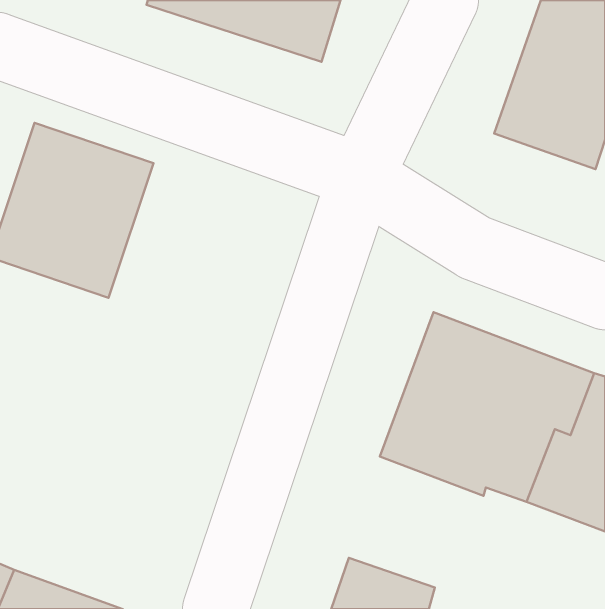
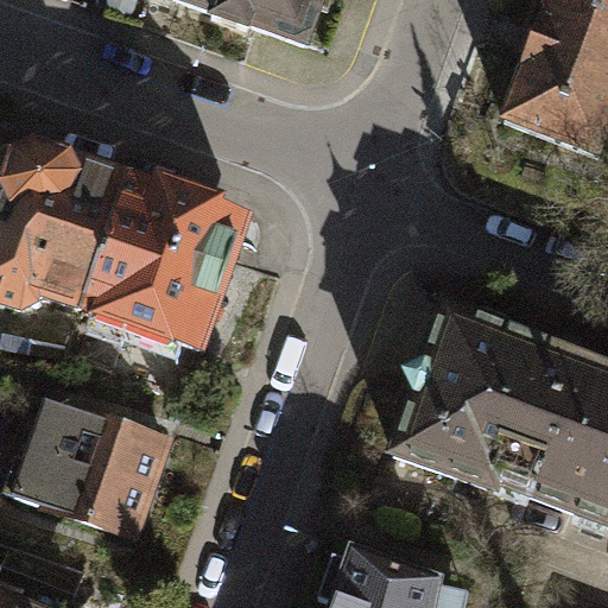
building: none -> [108,163,272,337]
building: none -> [23,379,185,525]

